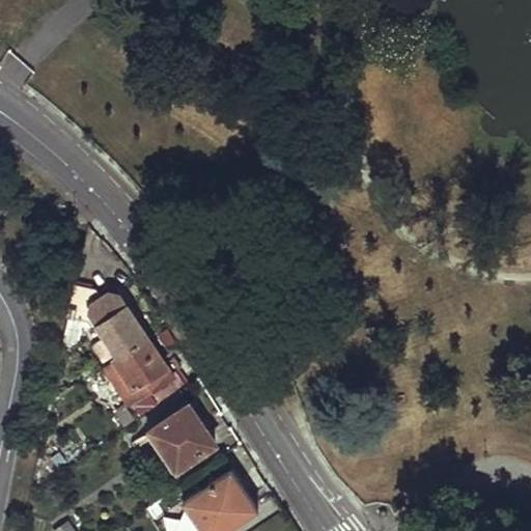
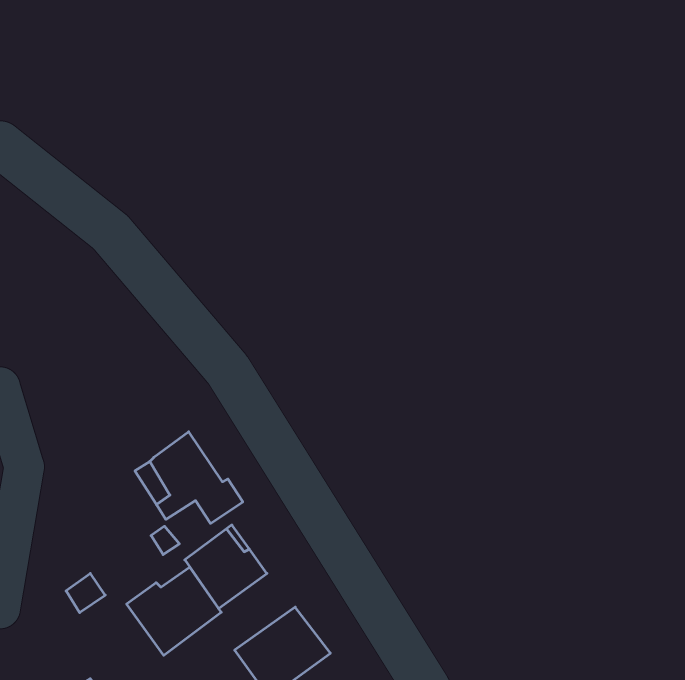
building: [72,289,148,359] -> none
building: none -> [127,567,221,655]

